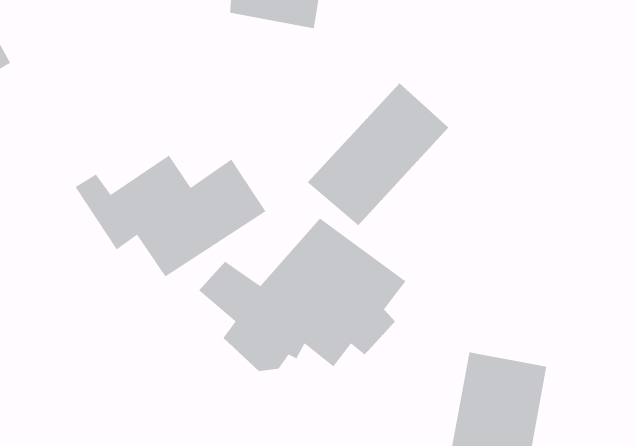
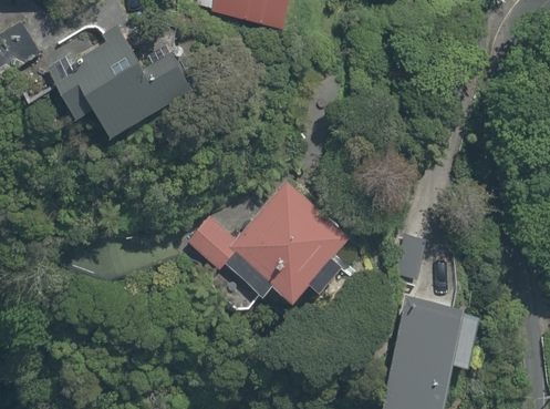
building: [307,82,449,226] -> none
building: [74,155,267,278] -> [39,39,196,140]

